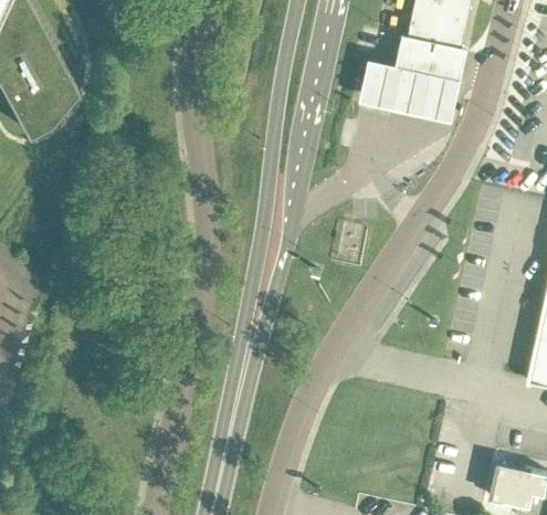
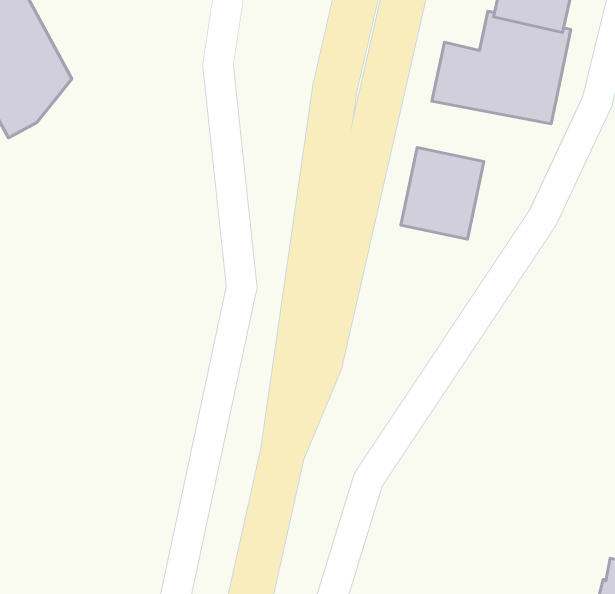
building: none -> [401,148,484,239]

